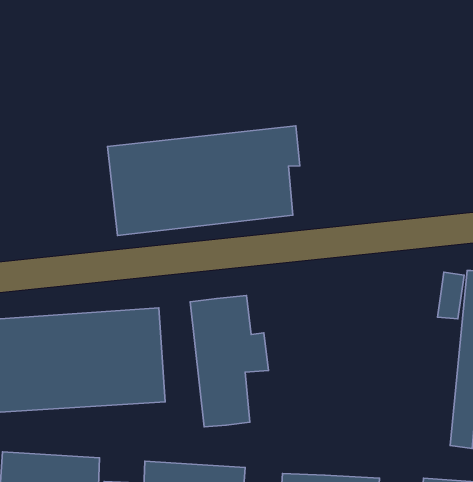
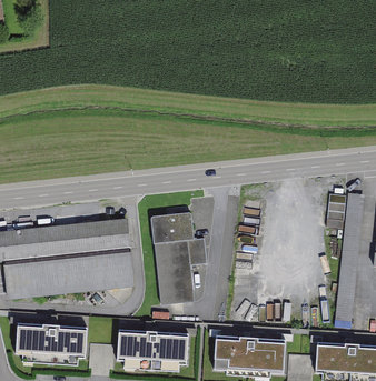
building: [108,126,300,235] -> none

